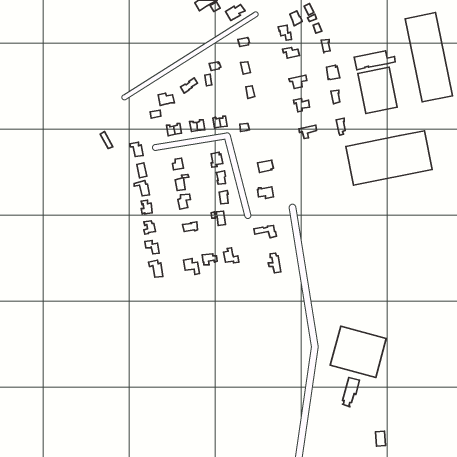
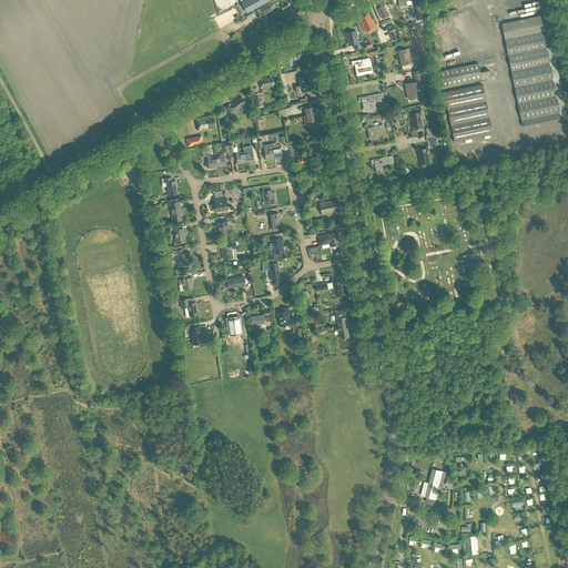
building: [346,131,432,185] -> none
building: [330,326,386,378] -> none

